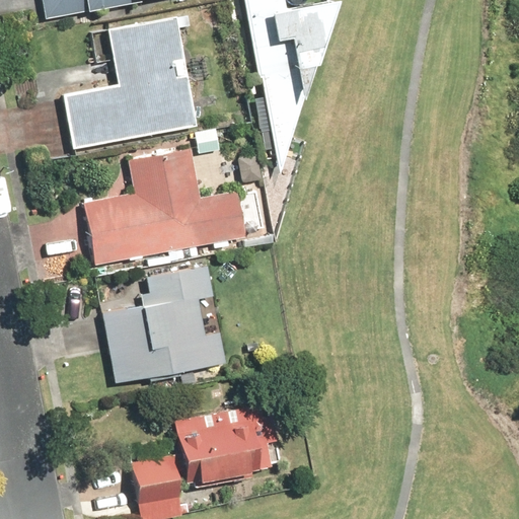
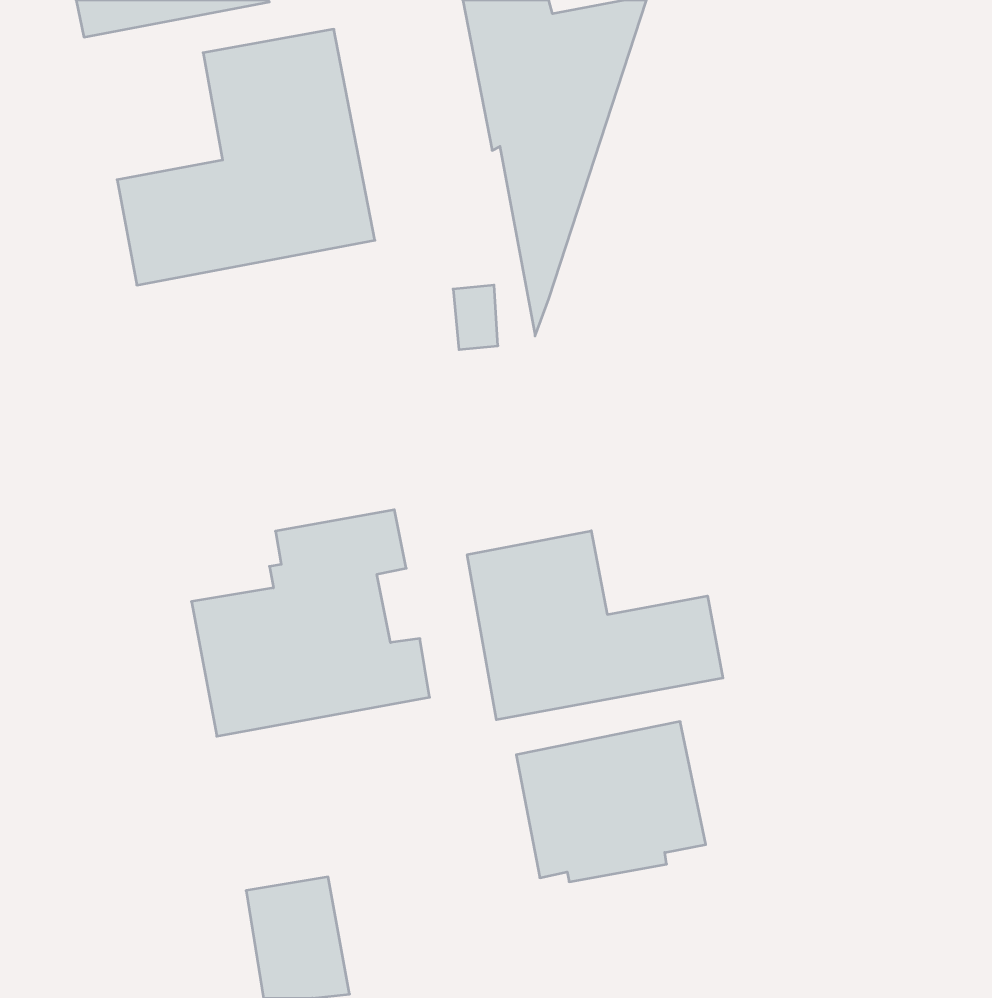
building: [83,148,247,265] -> none
building: none -> [467,531,723,720]
building: [175,402,274,486] -> [516,722,706,882]

